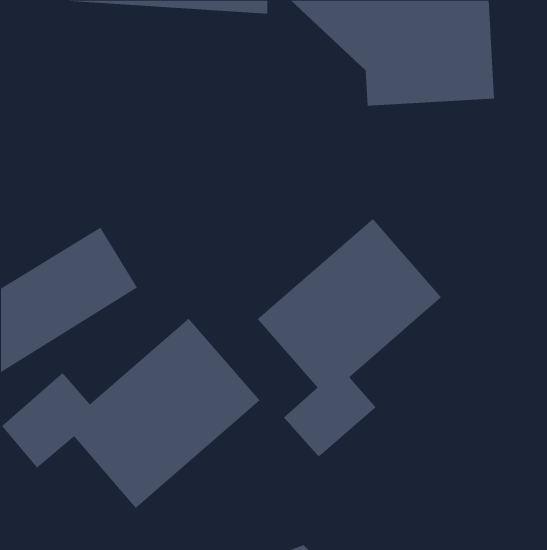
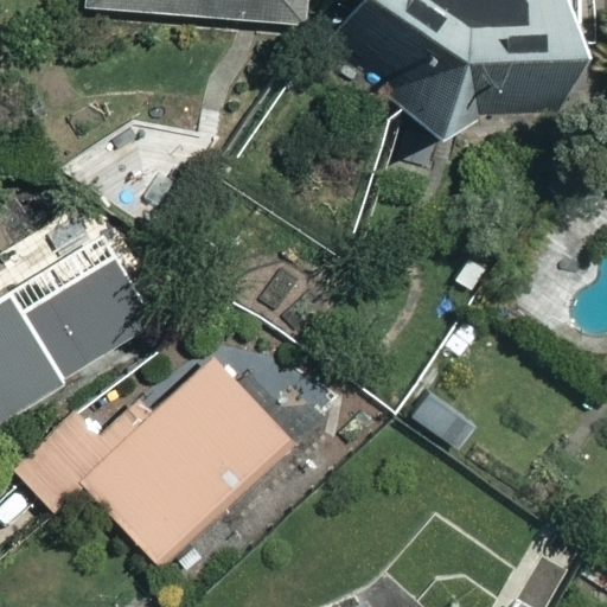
building: [257,218,442,457] -> none

